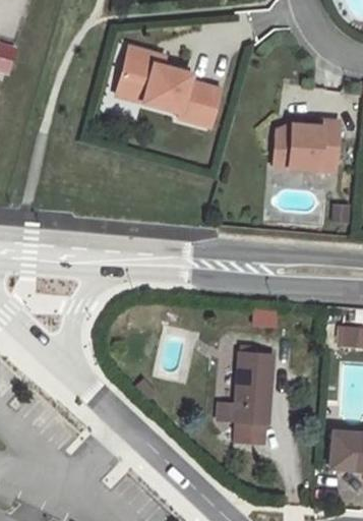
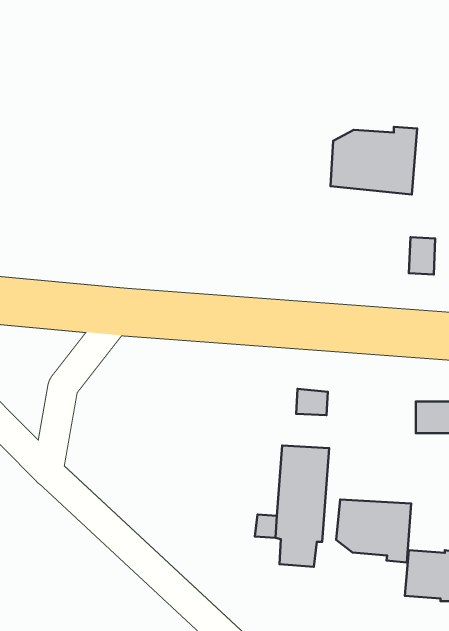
building: [116,44,220,124] -> none
building: none -> [336,499,411,562]

